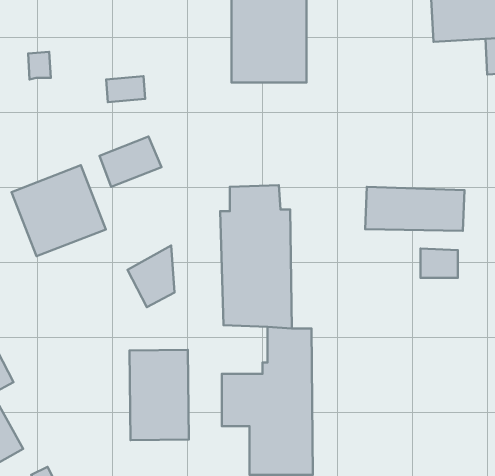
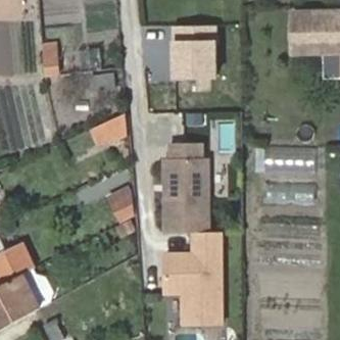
building: [12,165,106,256] -> none
building: [129,350,189,440] -> none

